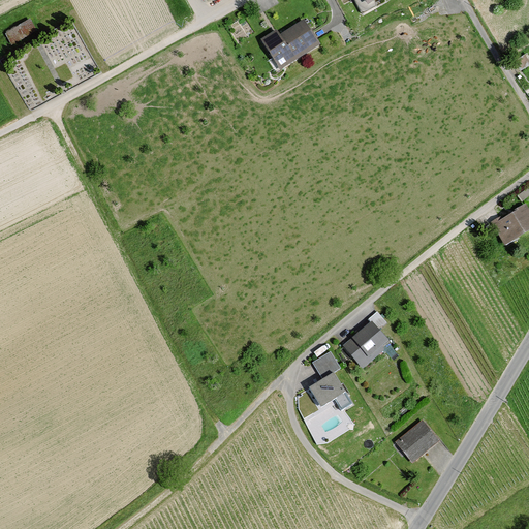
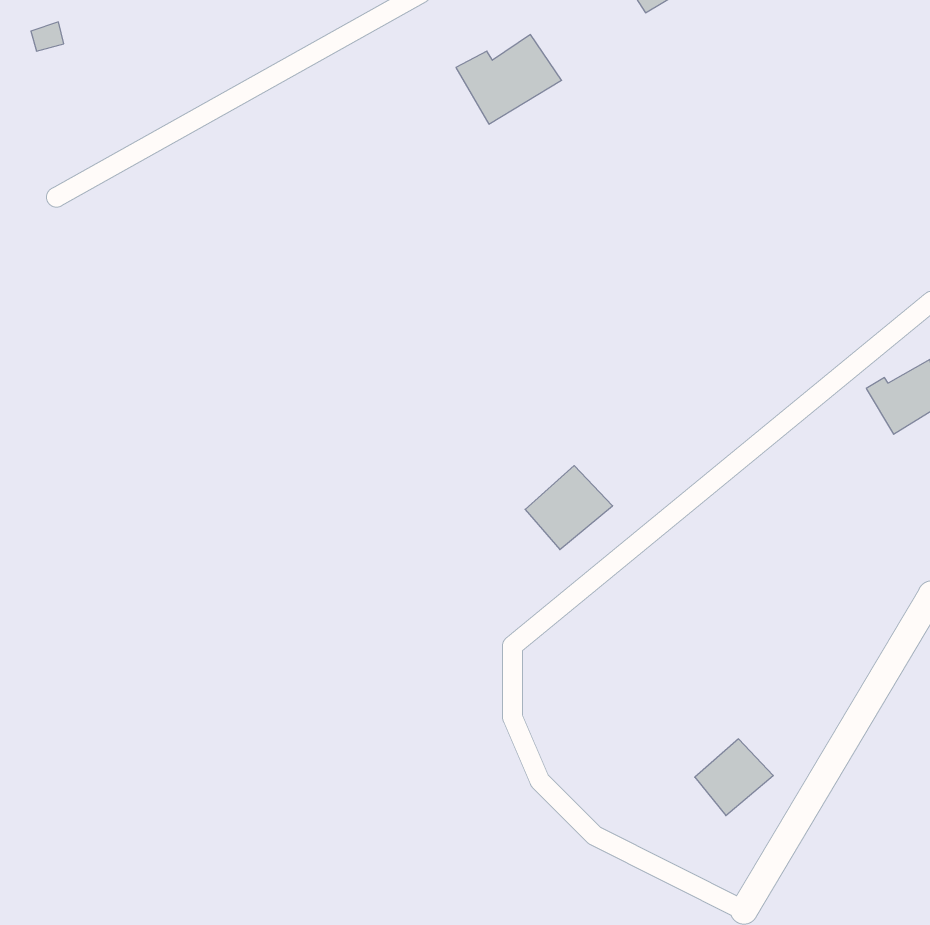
building: [343,319,393,367] -> [525,466,613,550]
building: [309,350,346,405] -> none

